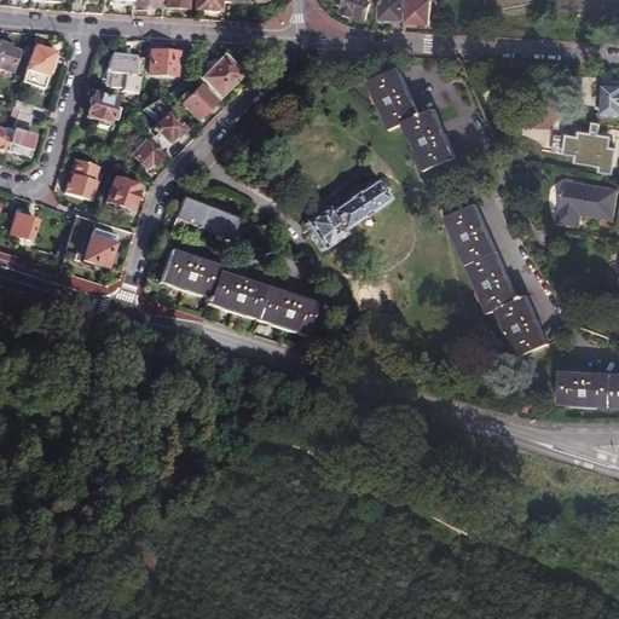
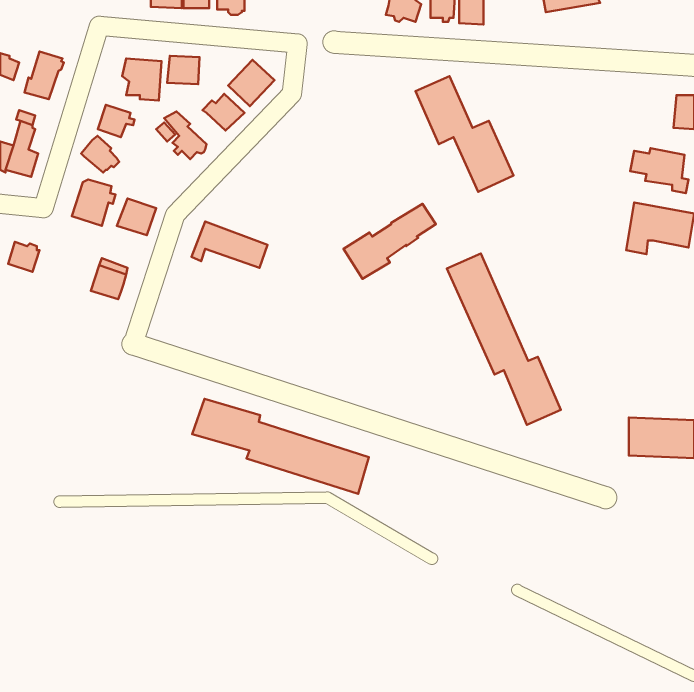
building: [131,135,164,168] -> [81,136,119,173]
building: [447,204,549,357] -> [447,253,561,425]
building: [156,250,313,335] -> [192,399,369,494]

